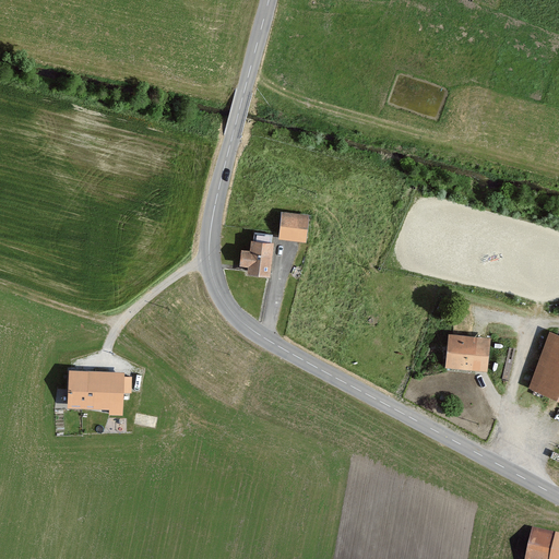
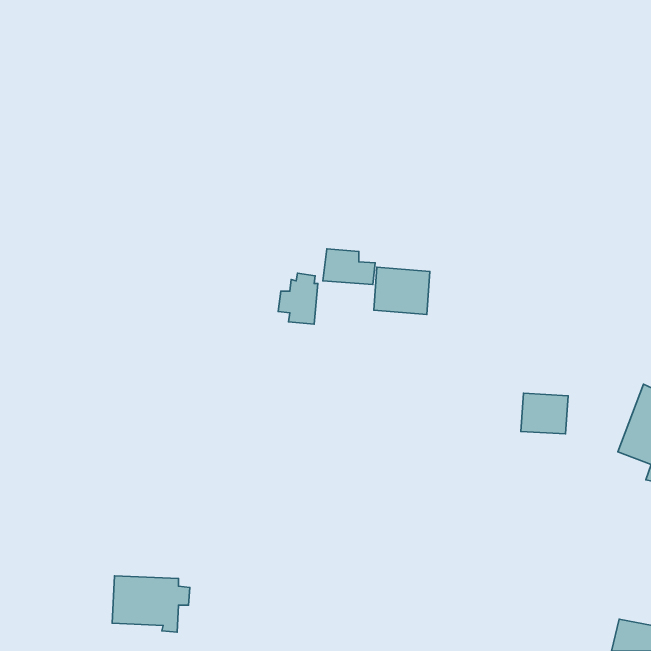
building: none -> [374,267,430,314]
building: [67,368,133,416] -> [112,576,190,632]

